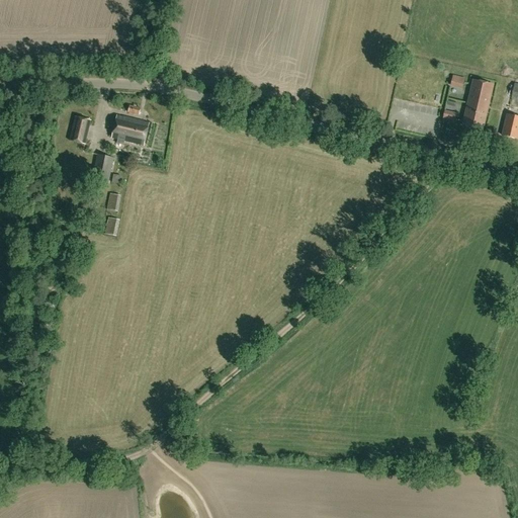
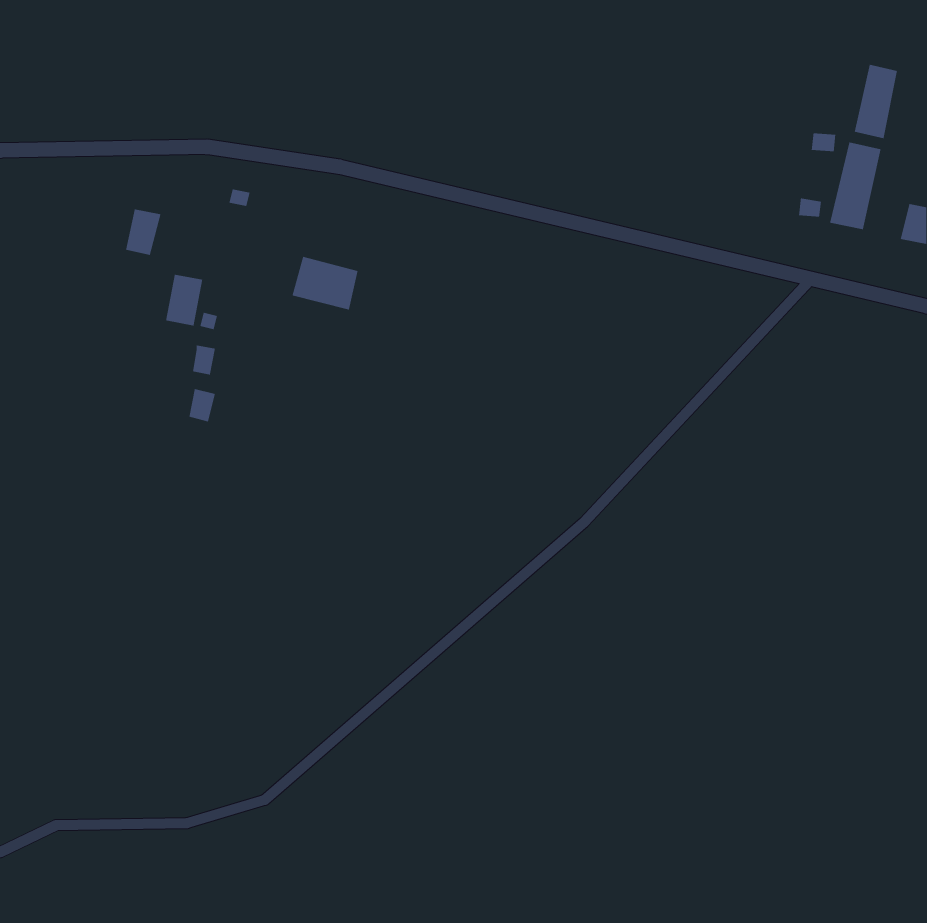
building: none -> [854,64,898,139]
building: [111,114,149,145] -> [291,256,359,310]

